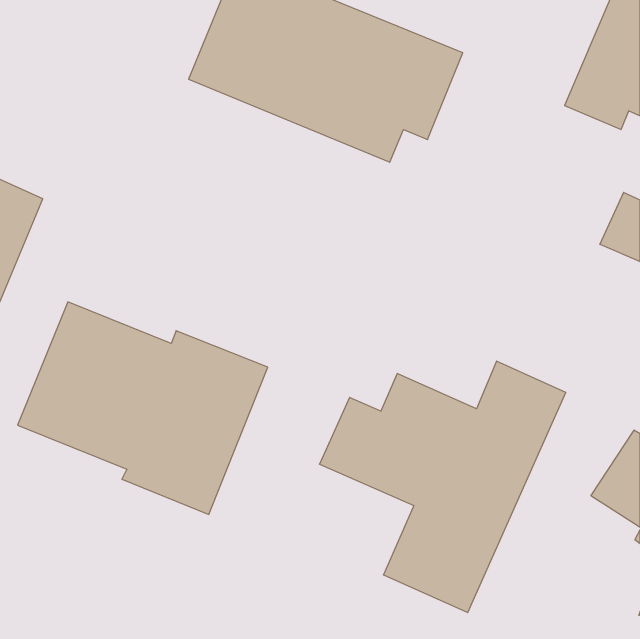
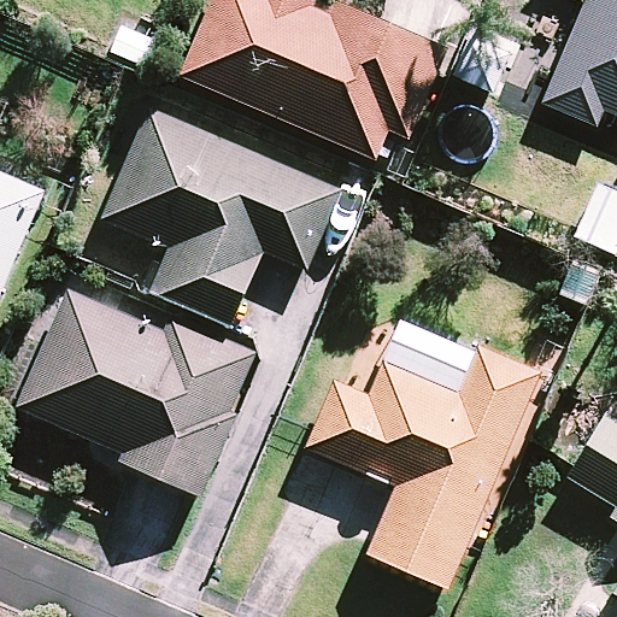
building: none -> [102,108,335,324]

